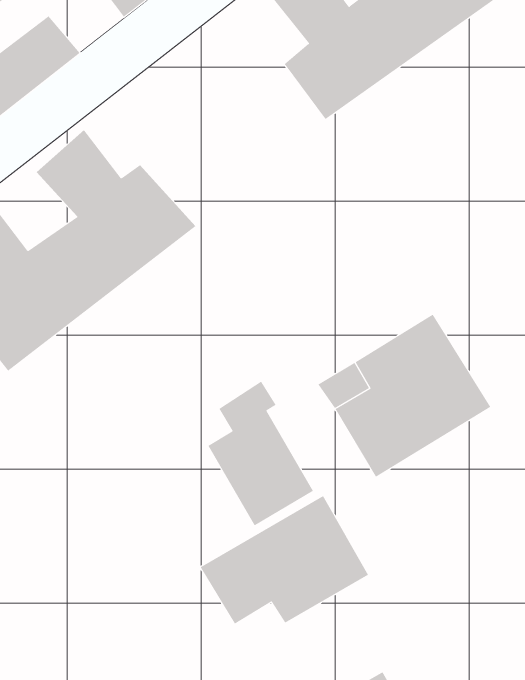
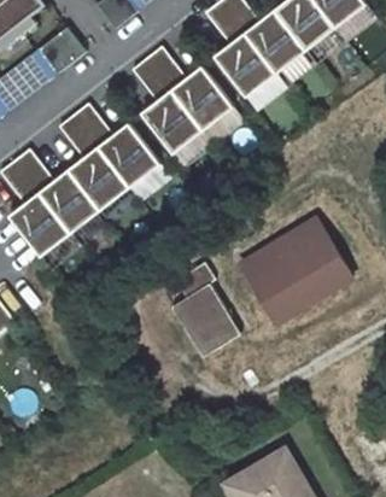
building: none -> [131,45,233,151]
building: [200,495,369,624] -> none

